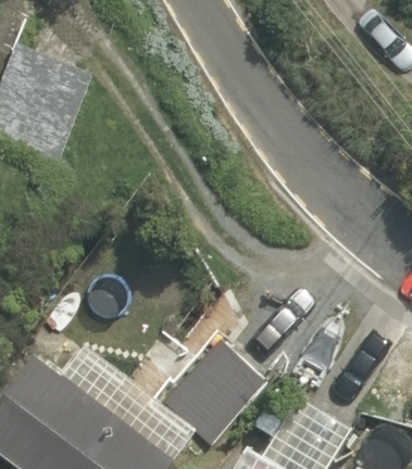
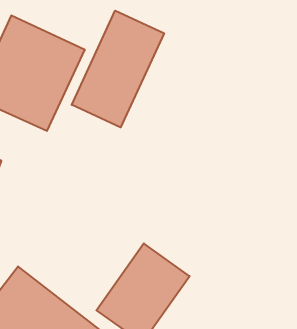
building: none -> [72,11,164,127]

